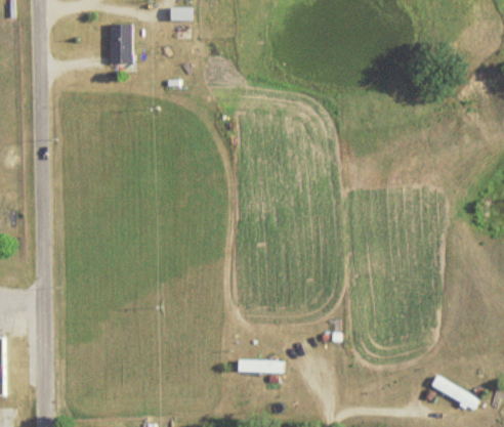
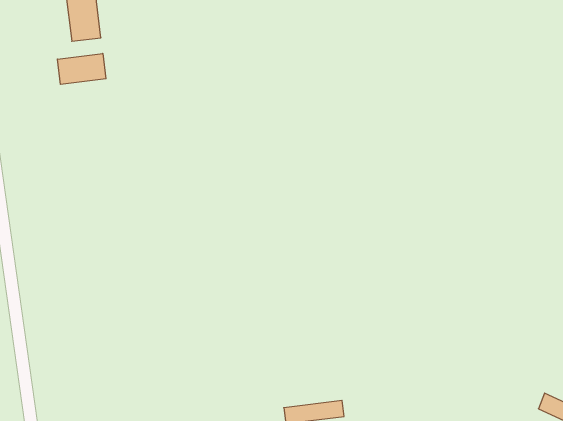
building: none -> [57,53,106,84]

